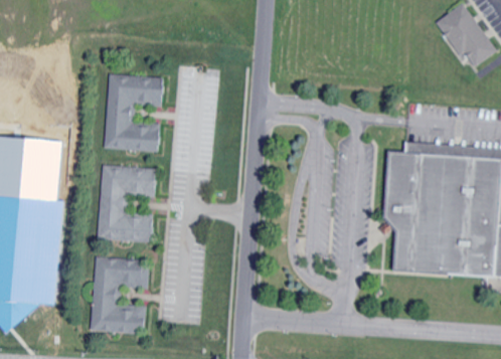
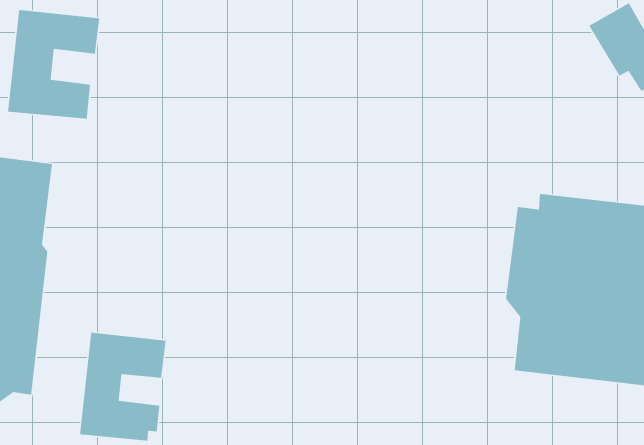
building: [103,76,165,152] -> [7,9,100,119]
building: [97,167,157,242] -> none

